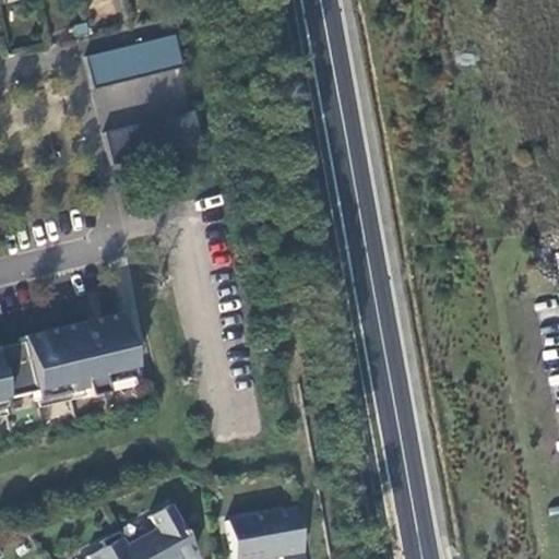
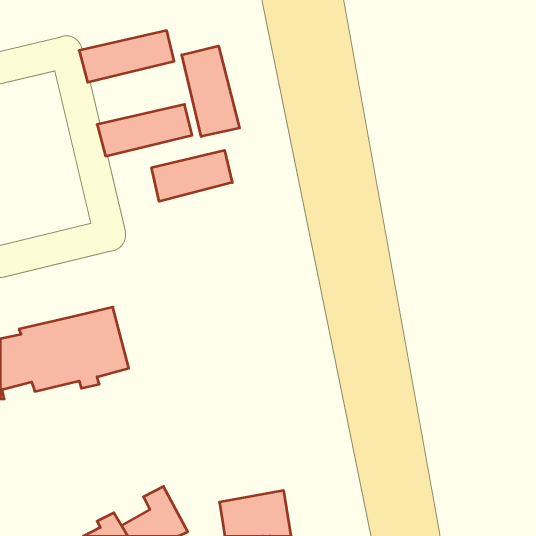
building: none -> [182,46,240,137]
building: none -> [152,150,232,201]

